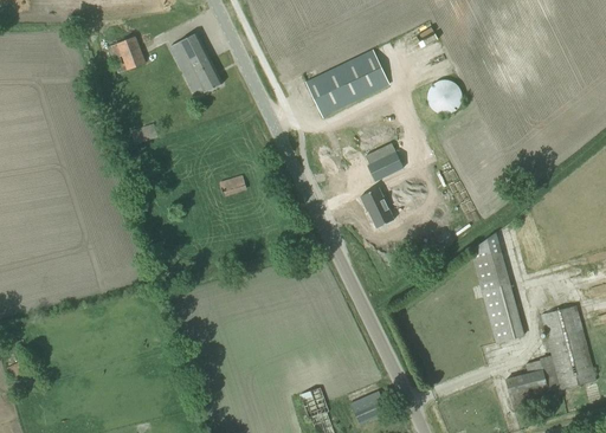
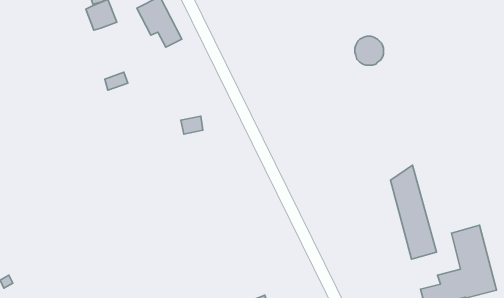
building: [305,51,389,117] -> none
building: [365,144,402,181] -> none
building: [360,187,393,227] -> none

